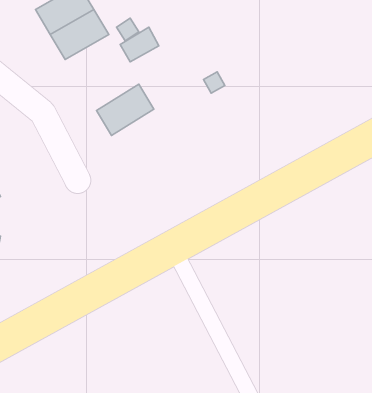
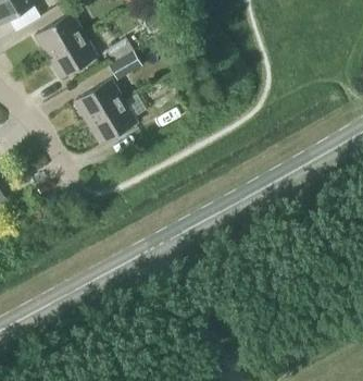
building: none -> [74,78,124,123]

